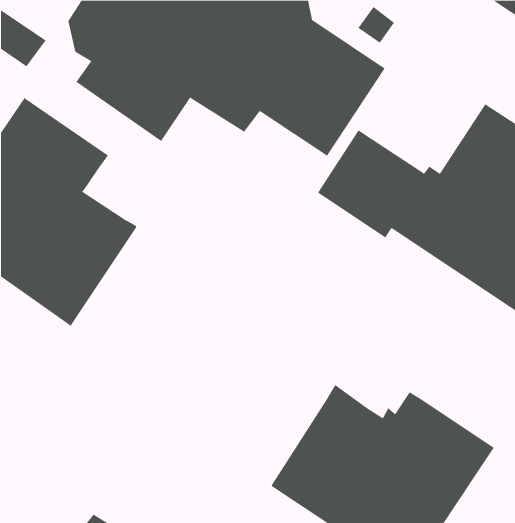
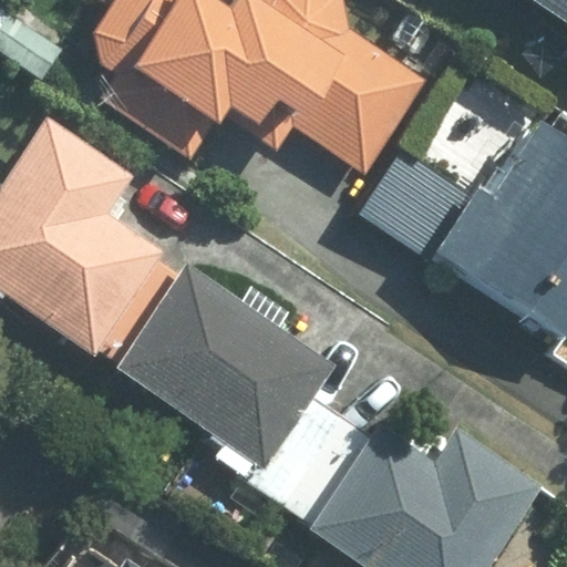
building: none -> [110,259,336,468]

